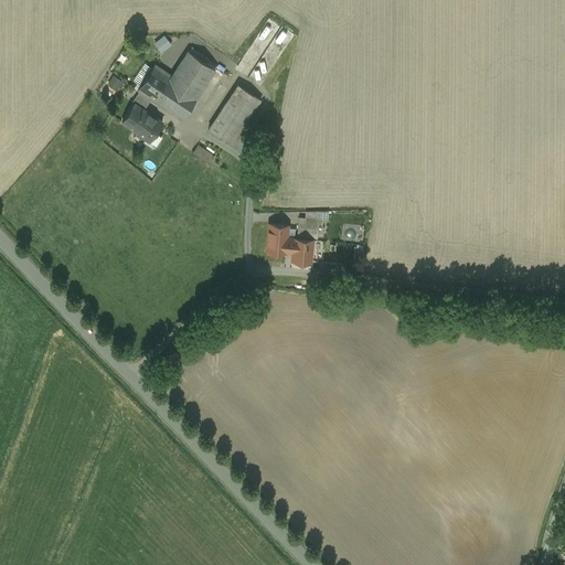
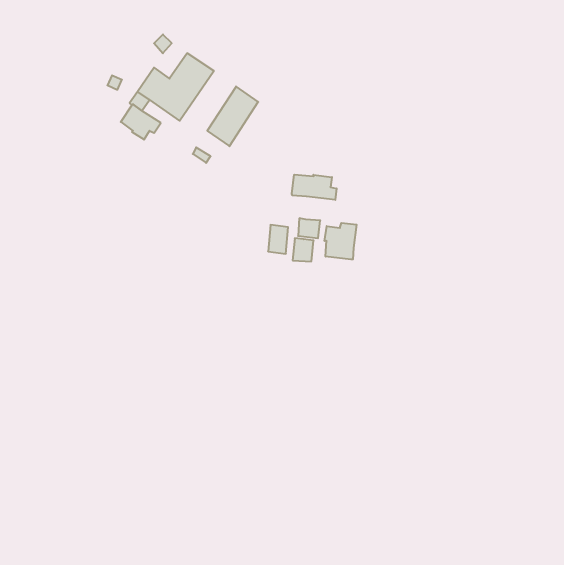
building: none -> [292,175,337,200]
building: none -> [325,223,357,259]

